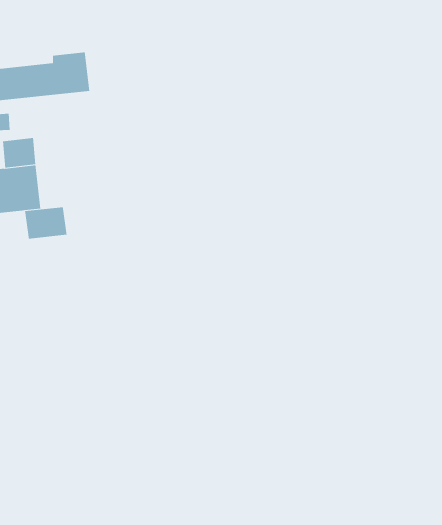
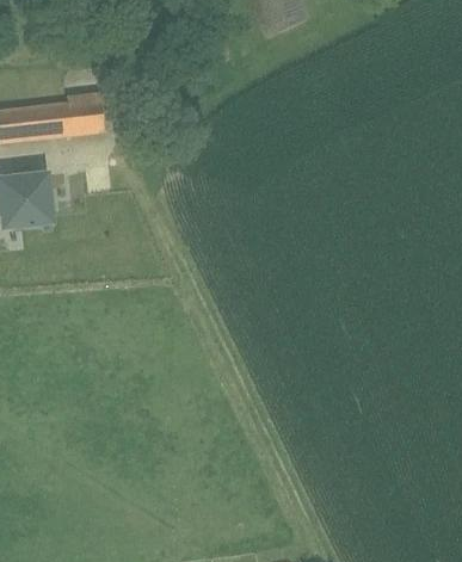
building: [25,206,67,239] -> none

